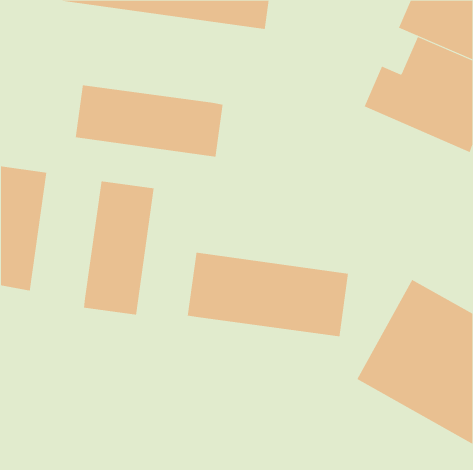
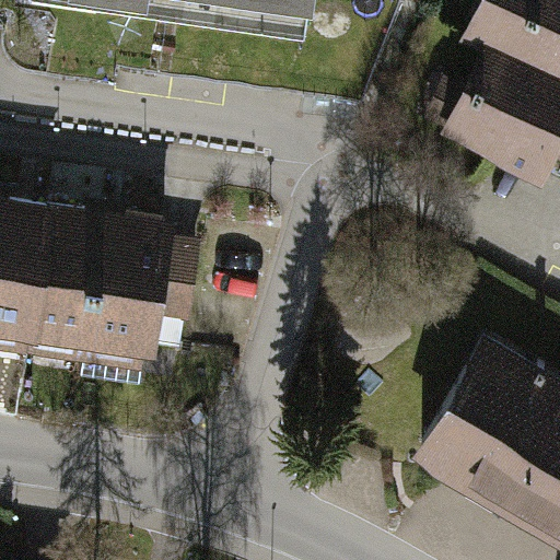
building: [75,85,223,158] -> none
building: none -> [36,208,119,357]
building: [187,252,349,337] -> none

